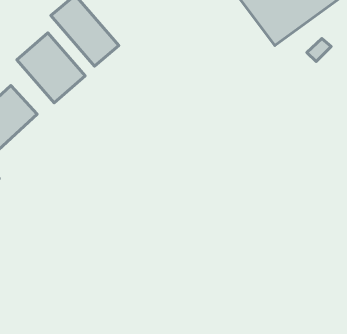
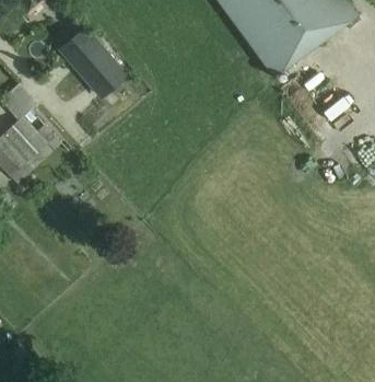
building: [17,33,85,103] -> none

